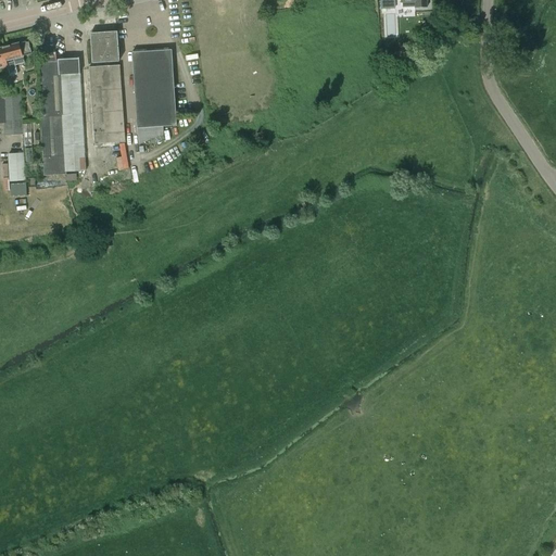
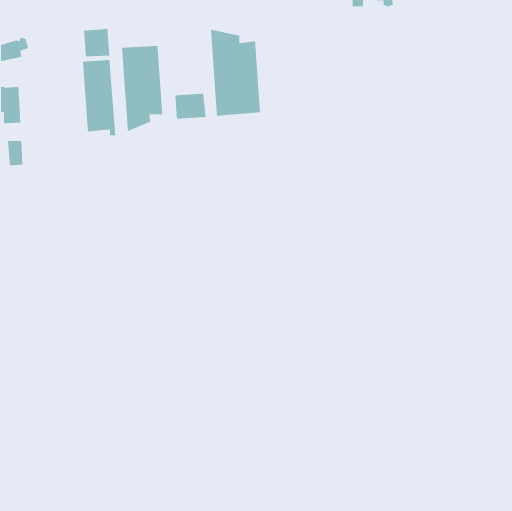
building: none -> [210,29,261,116]
building: [39,56,86,175] -> none
building: none -> [175,93,206,120]

